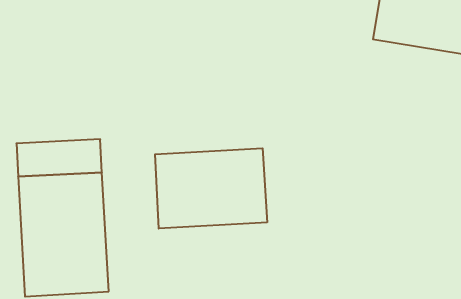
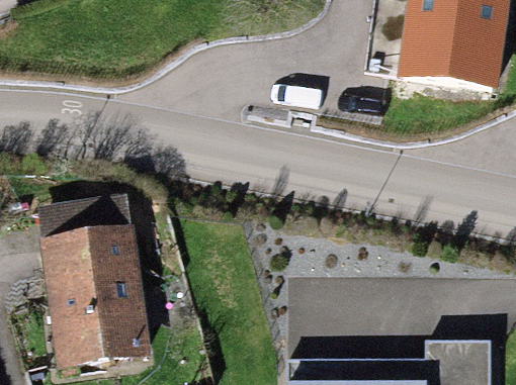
building: [155,148,267,229] -> none

